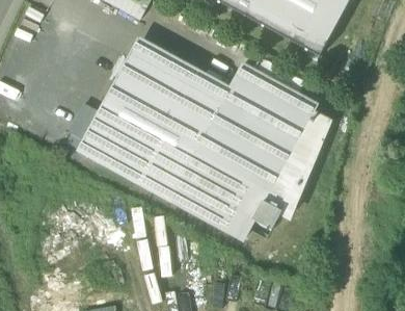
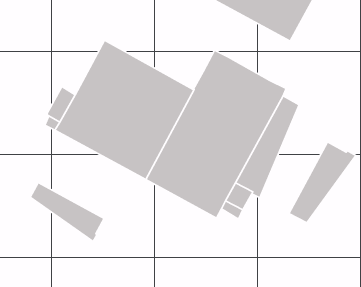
building: [129,36,231,105] -> none
building: none -> [289,142,356,223]
building: none -> [30,182,104,242]

